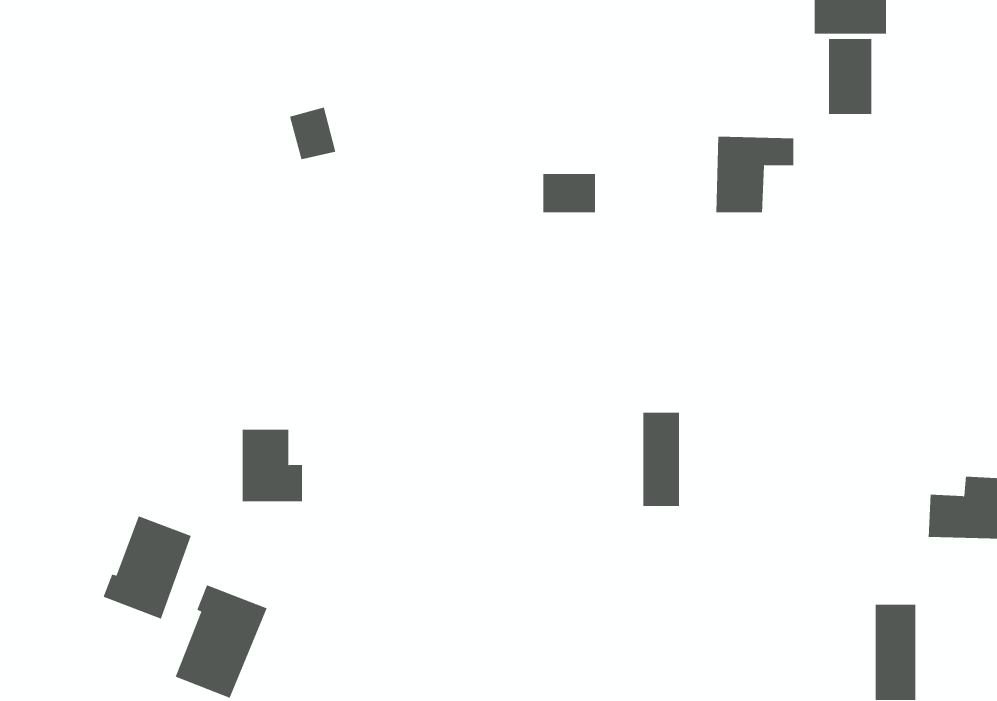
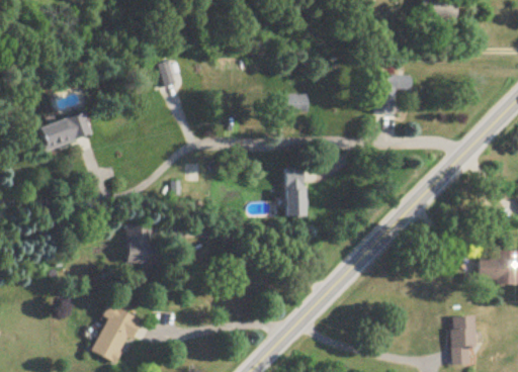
building: [828,38,872,115] -> none
building: none -> [37,113,91,150]
building: [642,412,680,507] -> [286,168,306,216]
building: [103,515,191,620] -> none

